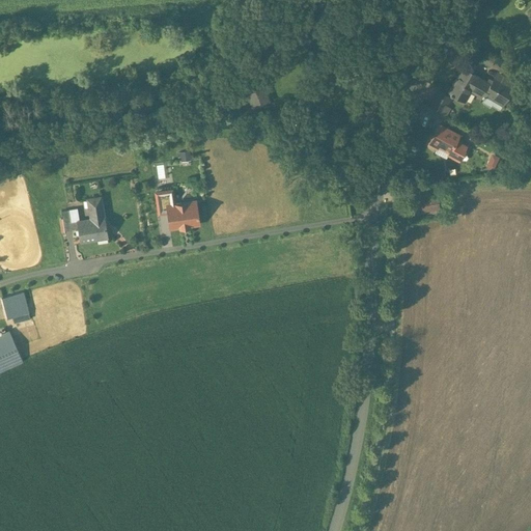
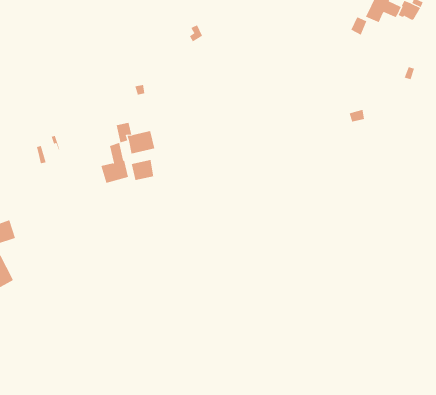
building: [428,127,467,163] -> none
building: [78,197,109,243] -> [101,142,129,184]
building: none -> [131,159,154,181]

